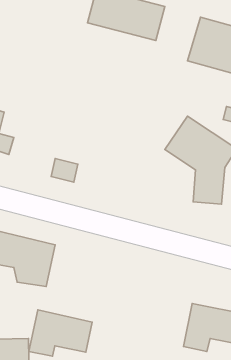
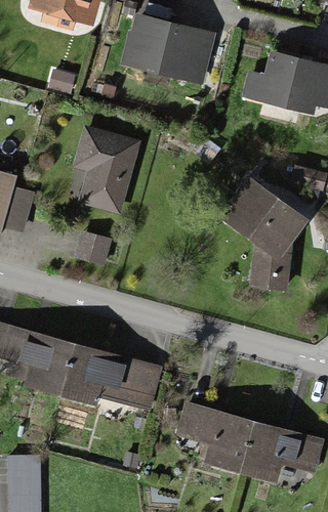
building: none -> [70,129,135,211]
building: none -> [172,402,253,471]
building: [29,310,92,356] -> [69,343,149,401]

